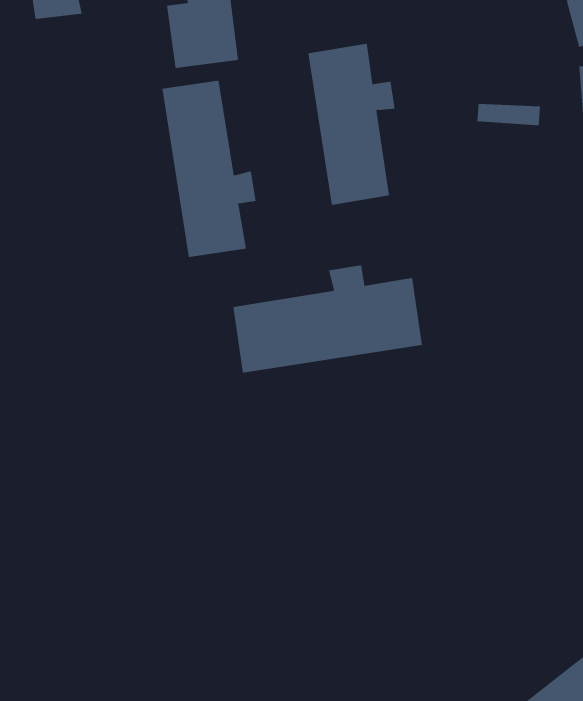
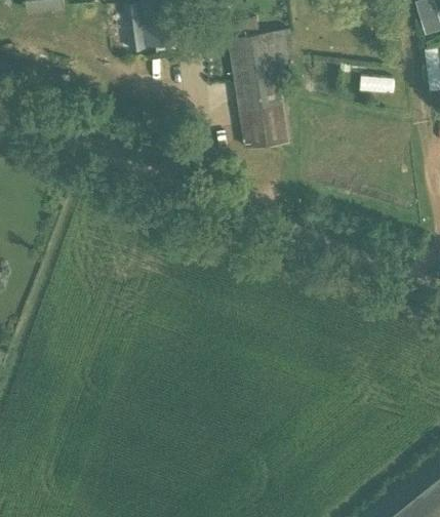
building: [162,80,256,258] -> none
building: [233,265,423,374] -> none

